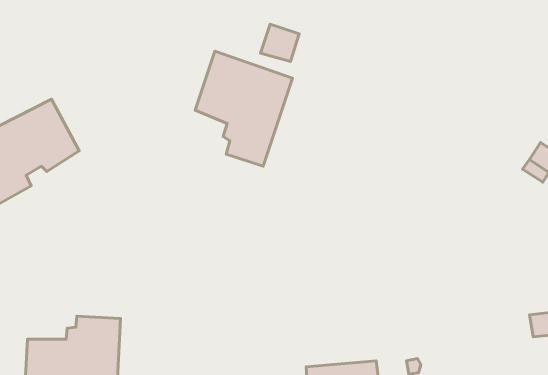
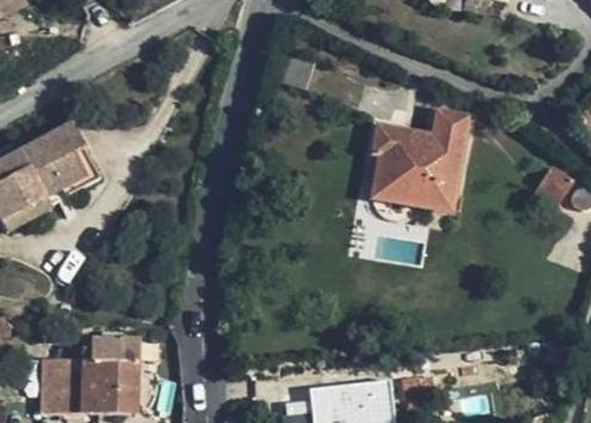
building: [195,51,292,166] -> none
building: none -> [373,107,470,209]

